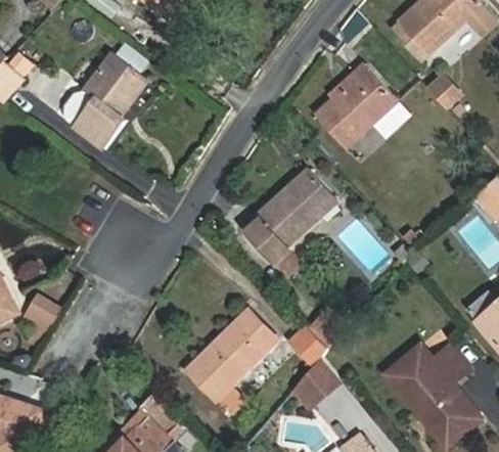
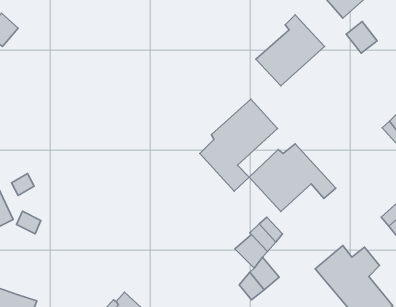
building: [73,52,144,147] -> none
building: none -> [249,144,336,212]
building: [188,310,278,399] -> none

